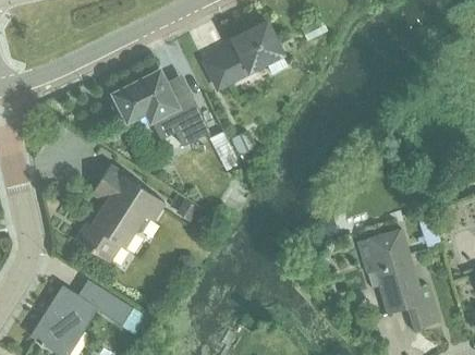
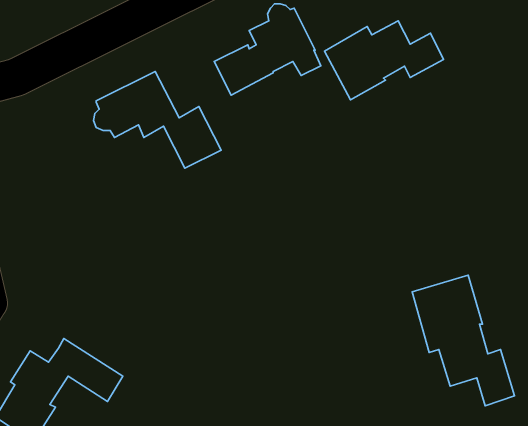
building: none -> [324,21,444,100]
building: [75,166,165,262] -> none

